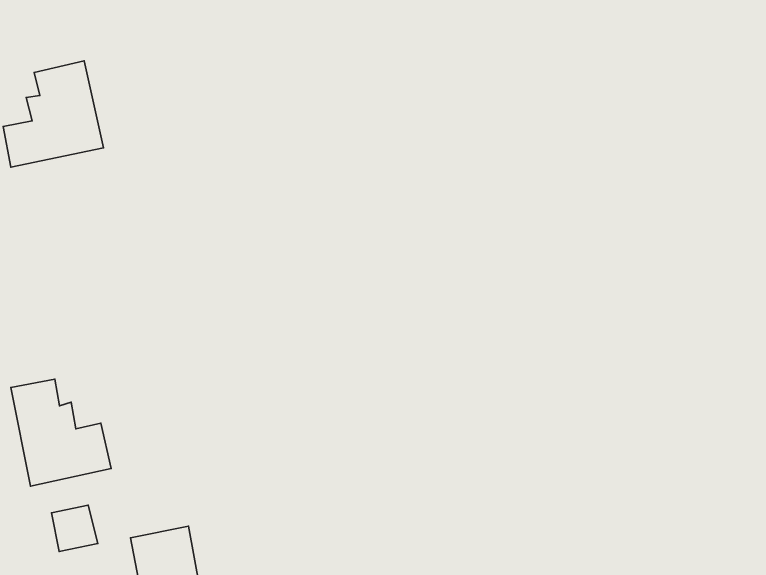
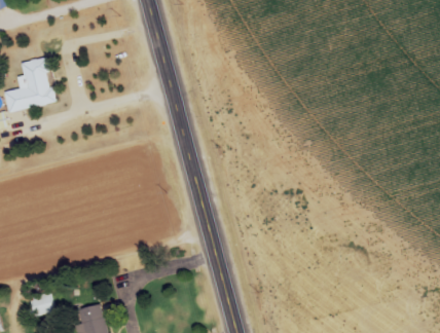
building: [11,379,111,486] -> none

